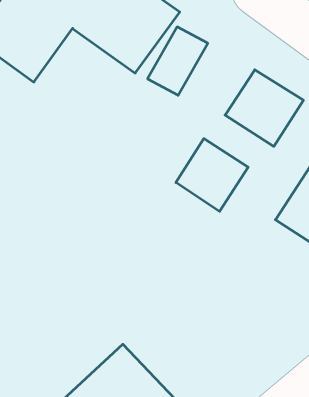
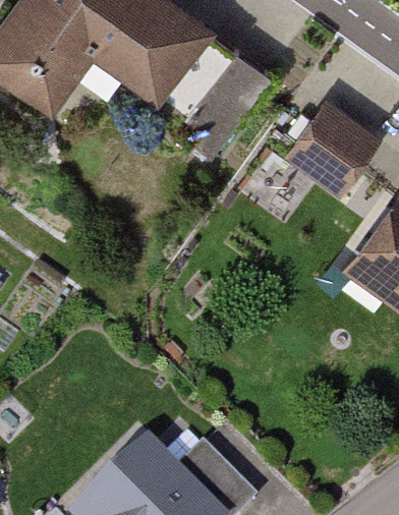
building: [176,139,248,211] -> none

